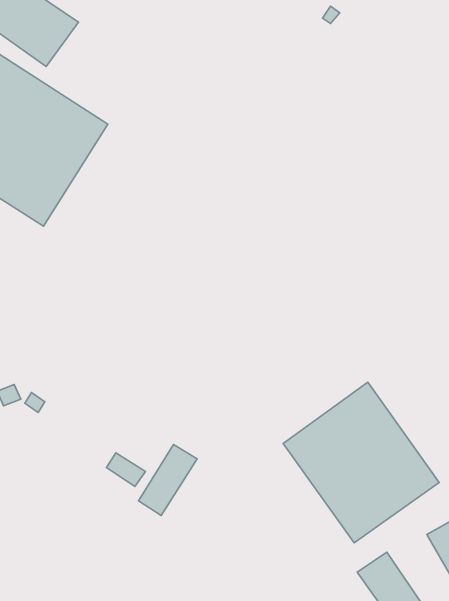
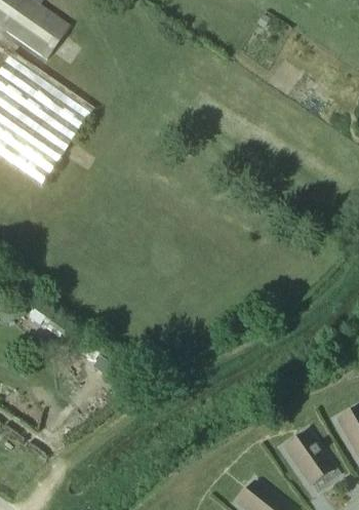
building: [283,382,439,543] -> none
building: [139,445,197,515] -> none

